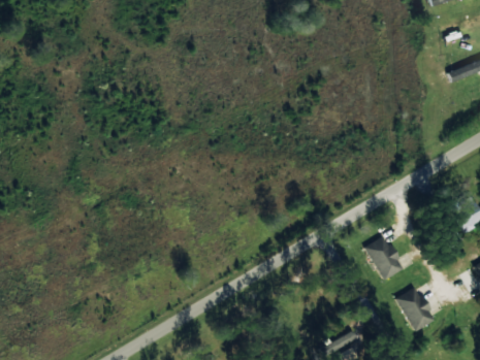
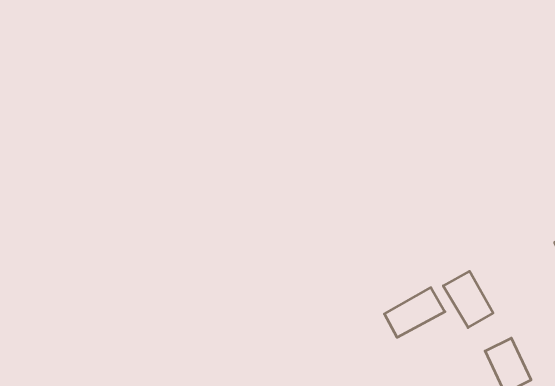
building: none -> [384,288,445,337]

